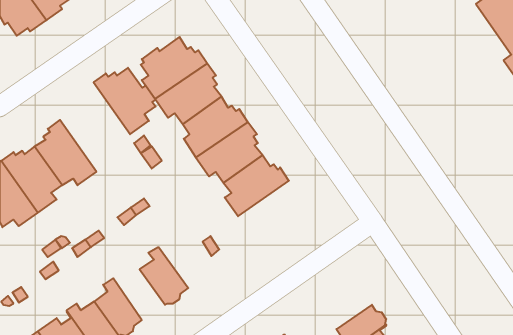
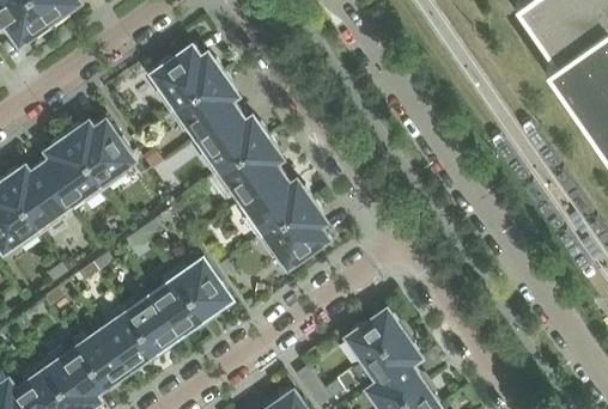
building: [94,68,156,134] -> [66,118,133,190]
building: none -> [259,200,330,267]
building: none -> [172,261,230,316]
building: none -> [123,295,180,350]
building: none -> [348,310,403,360]

